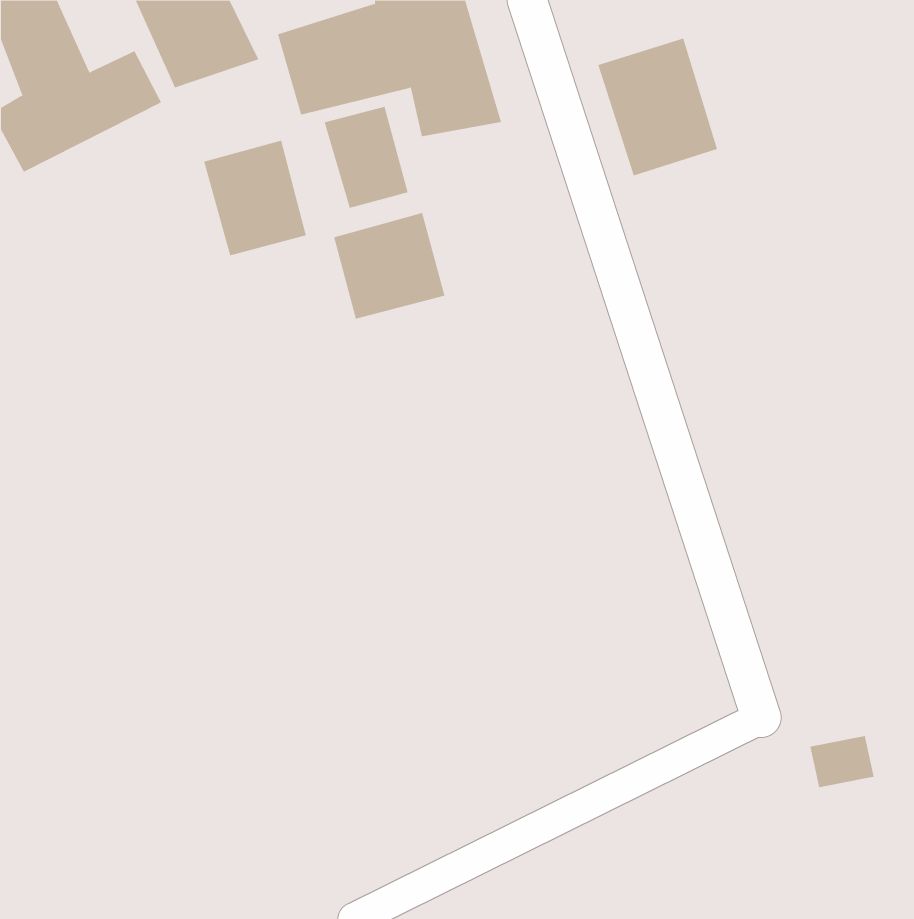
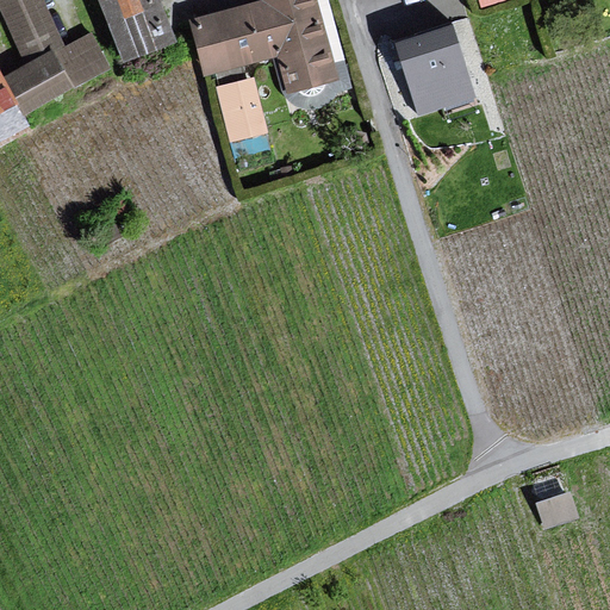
building: [203,140,307,256] -> none
building: [334,212,445,319] -> none

